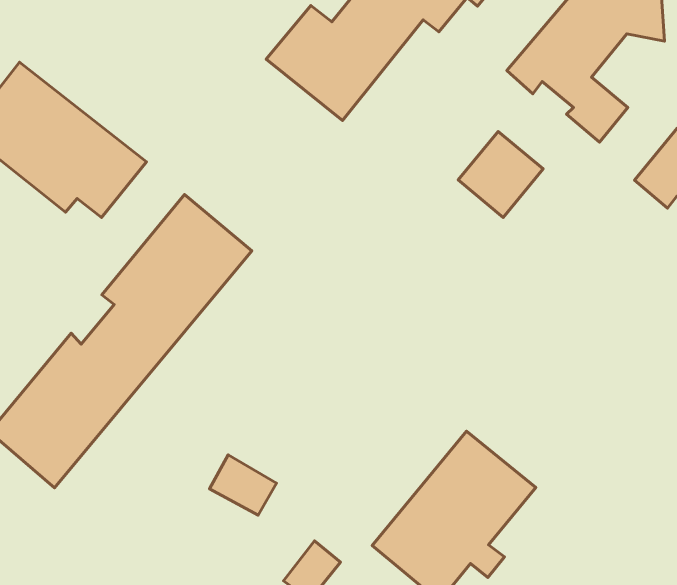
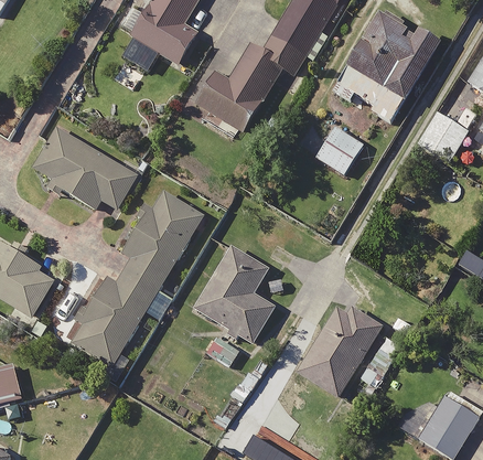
building: none -> [194,252,276,343]

